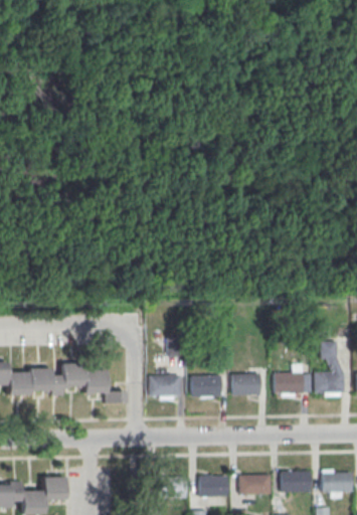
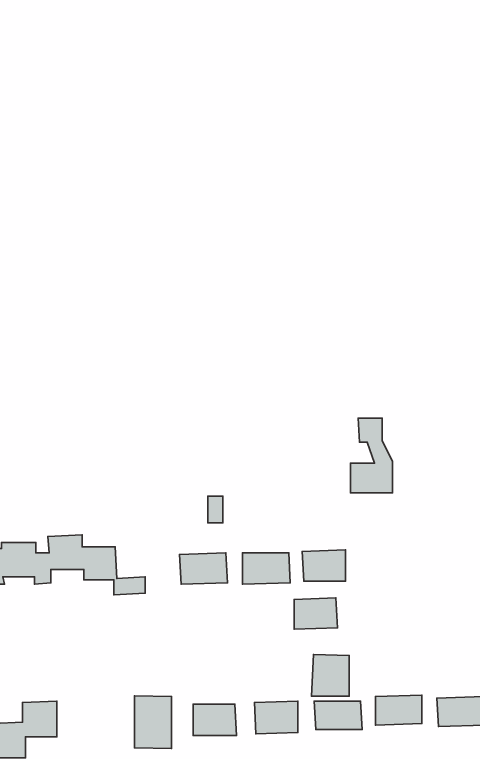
building: [316,342,344,392] -> [351,418,392,493]
building: [275,372,304,393] -> [294,598,337,629]
building: none -> [312,654,349,696]
building: none -> [135,696,171,748]

